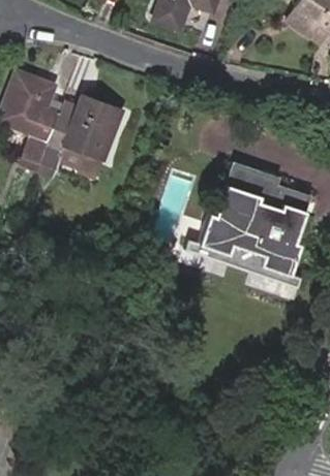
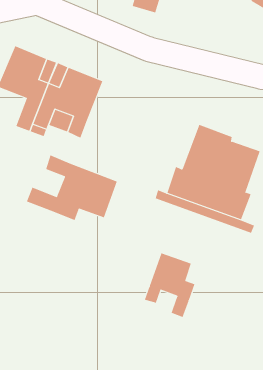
building: none -> [26,155,118,221]
building: none -> [144,253,195,318]

